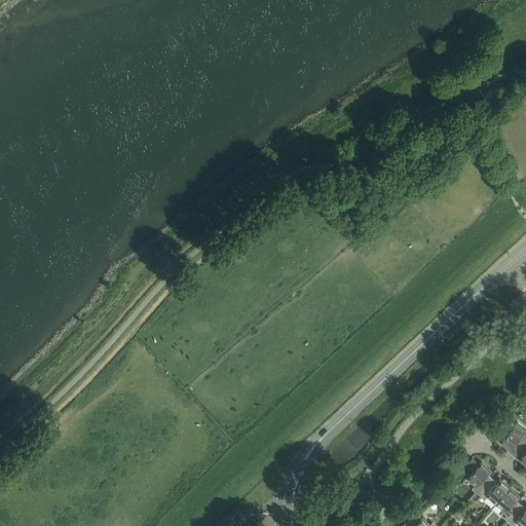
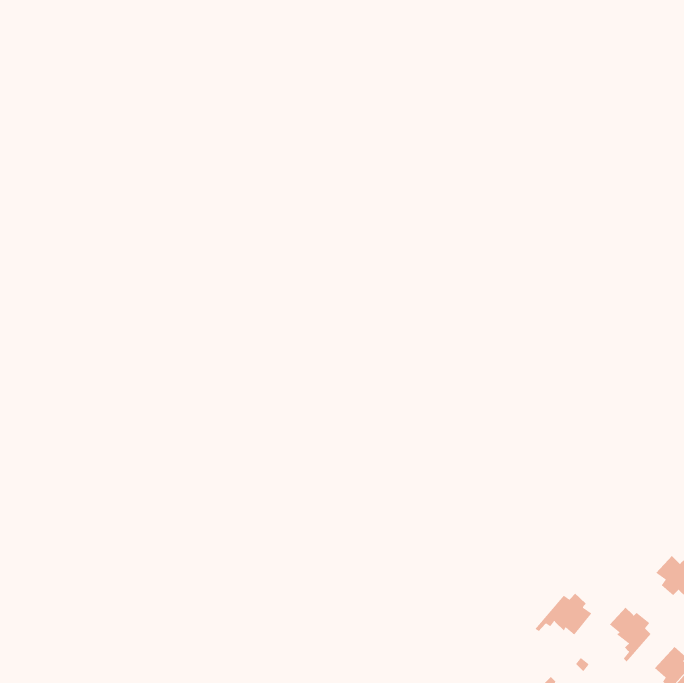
building: none -> [535,593,592,635]
building: [482,488,518,514] -> none

